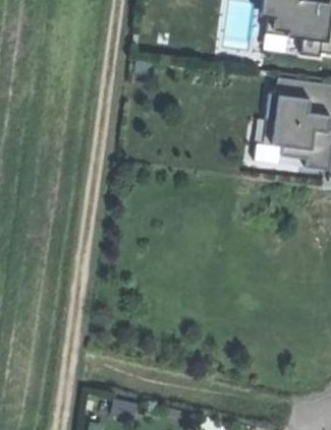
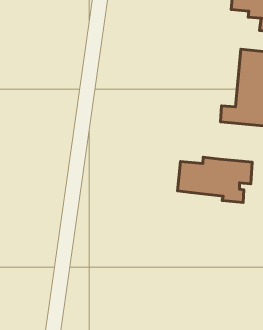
building: none -> [178,157,252,203]

